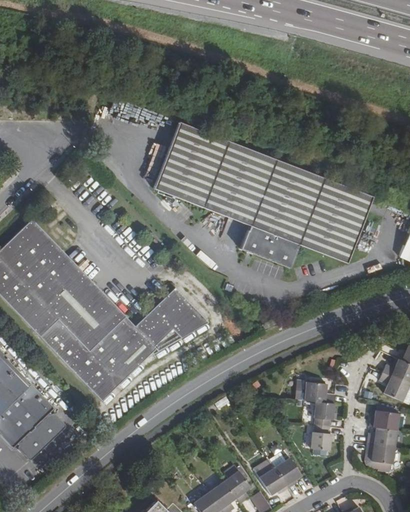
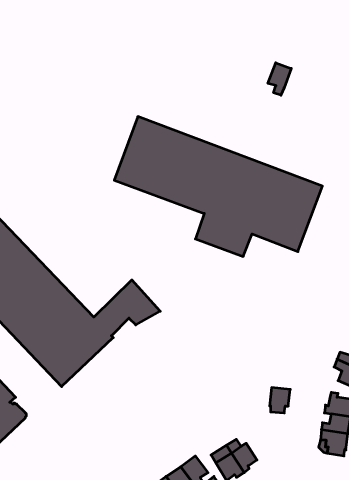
building: none -> [268,63,291,95]
building: [306,380,337,402] -> none
building: [312,425,332,449] -> none

